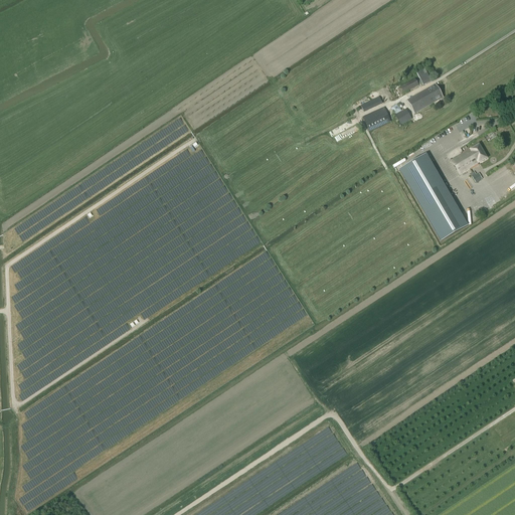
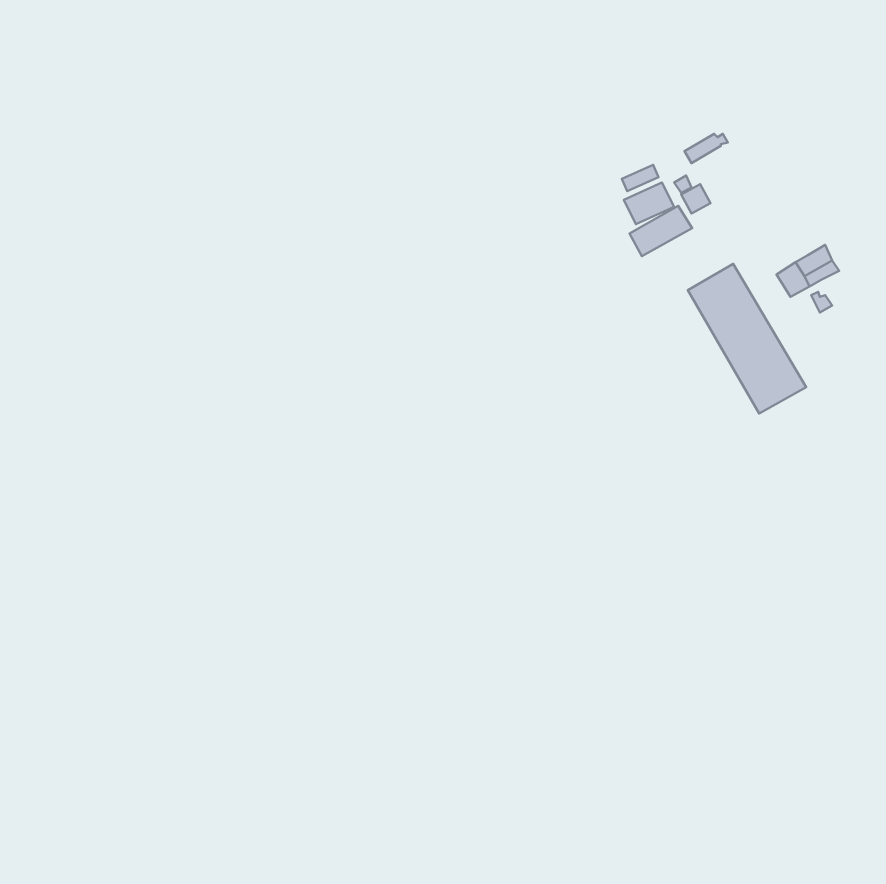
building: [406,82,443,112] -> [630,206,692,256]

